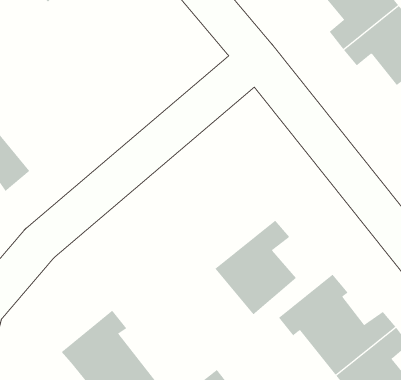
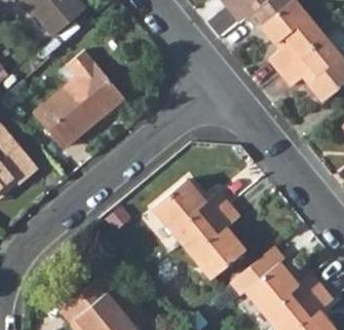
building: none -> [35,48,125,147]
building: none -> [155,180,229,243]

